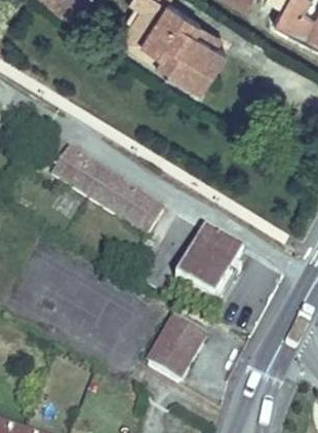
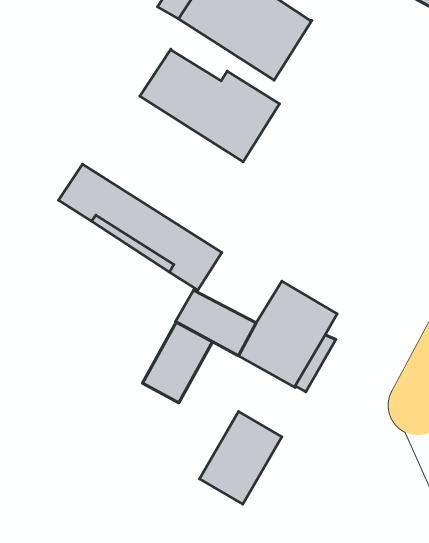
building: none -> [140,49,279,162]
building: none -> [143,322,212,403]

